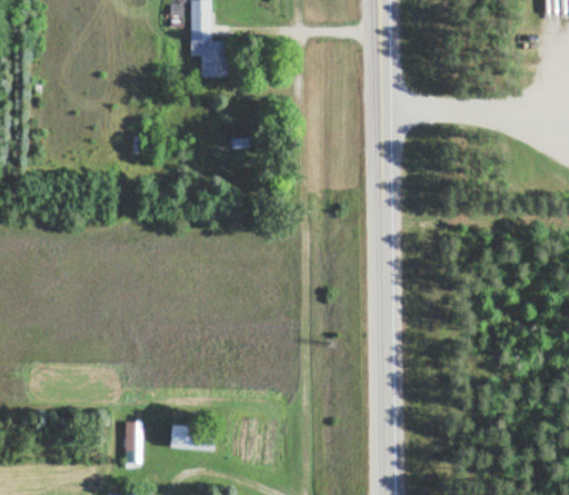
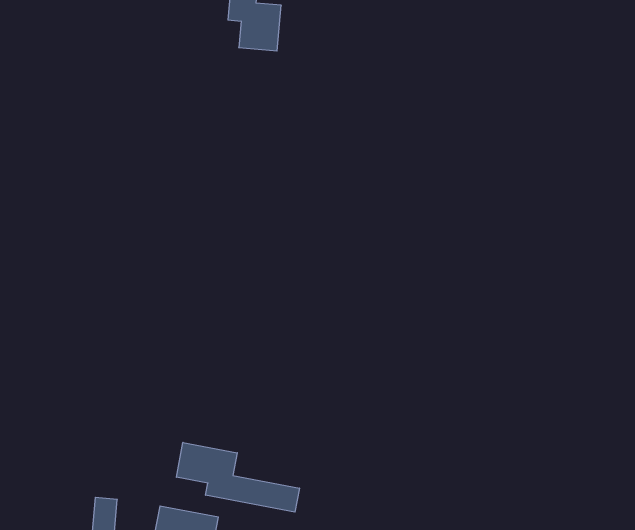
building: none -> [176,442,299,512]

